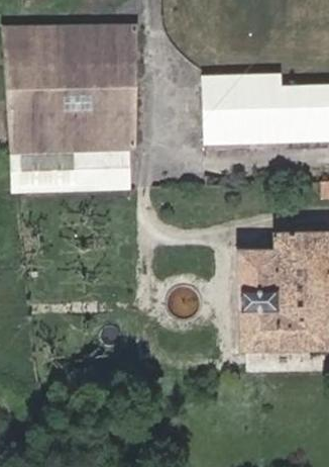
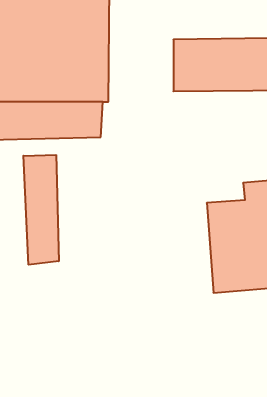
building: none -> [23,155,59,265]

